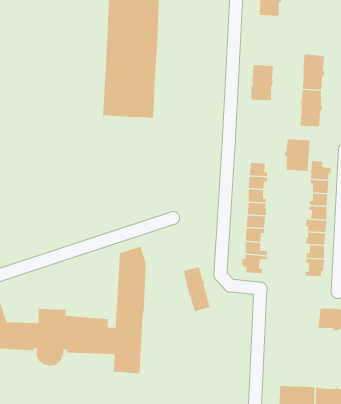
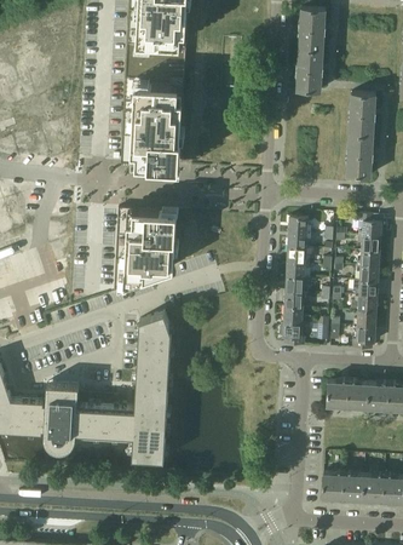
building: [250,64,274,101] -> [295,51,323,93]
building: [284,139,312,172] -> none
building: none -> [114,211,177,291]
building: [183,266,211,312] -> none
building: none -> [326,383,369,411]

